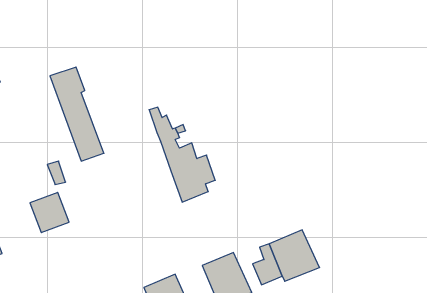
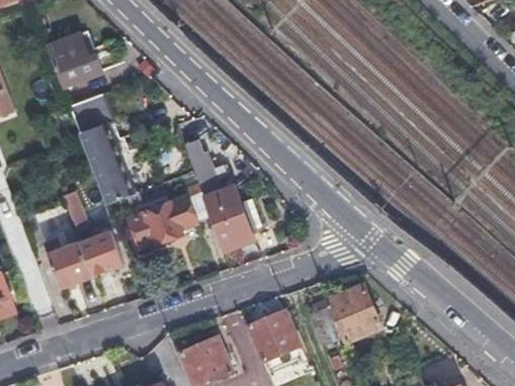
building: none -> [48,29,104,87]
building: none -> [127,181,210,248]
building: none -> [79,229,120,275]

